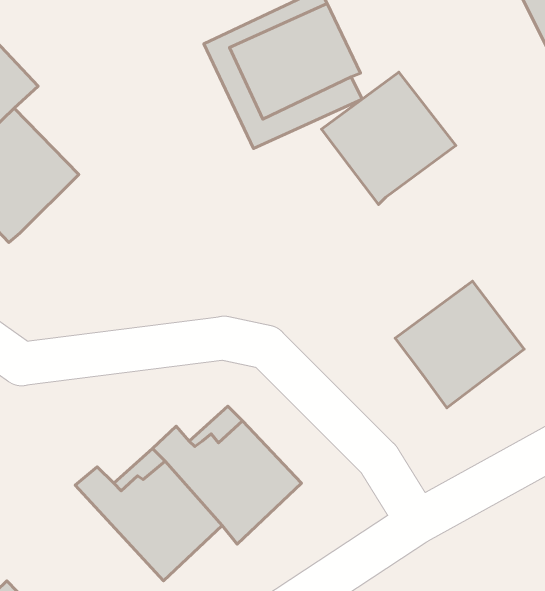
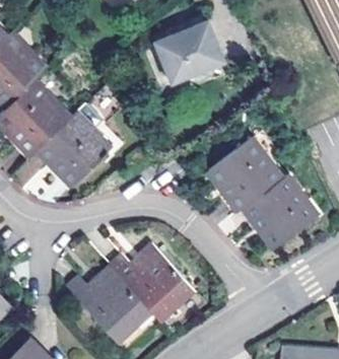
building: [321,72,456,204] -> [208,138,282,211]
building: none -> [37,112,110,185]

